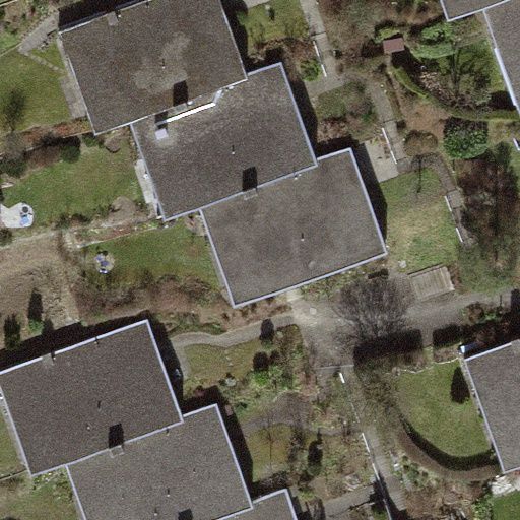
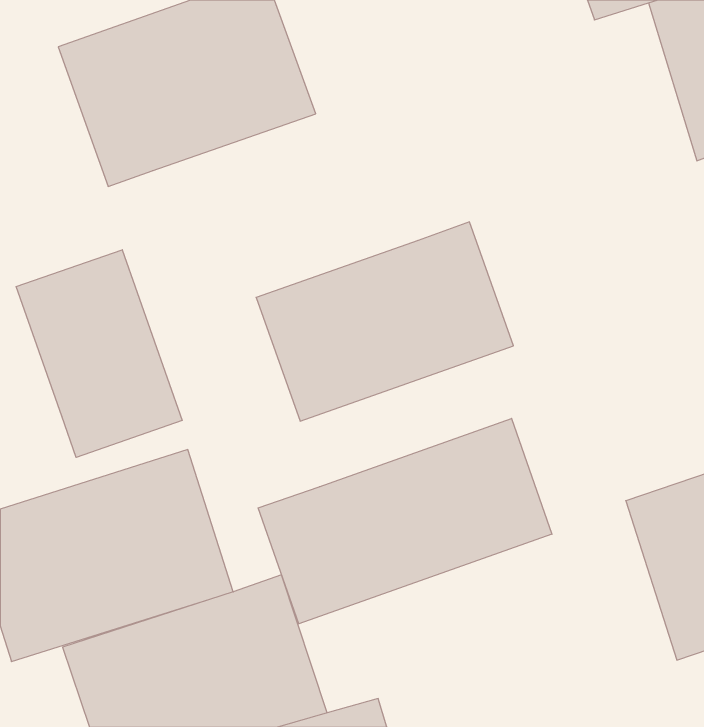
building: [125,68,315,225] -> none
building: none -> [16,250,182,457]
building: none -> [258,418,552,624]

